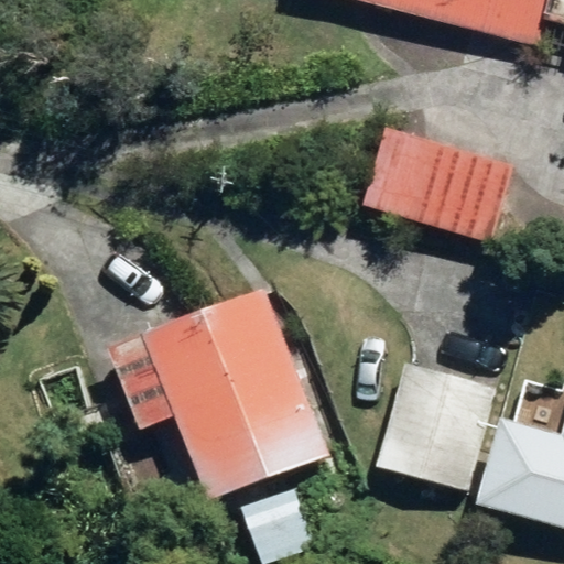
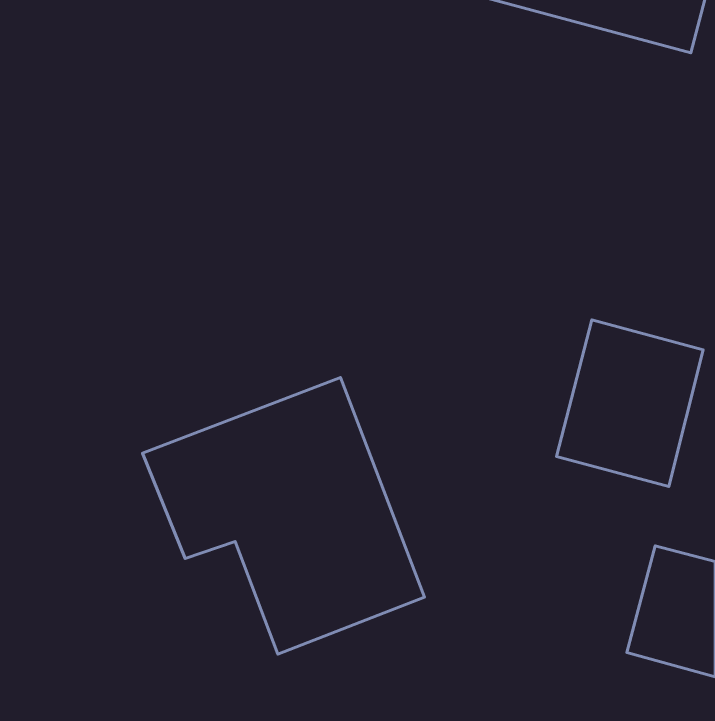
building: [362,127,509,241] -> none
building: [378,361,491,490] -> [556,320,703,487]

